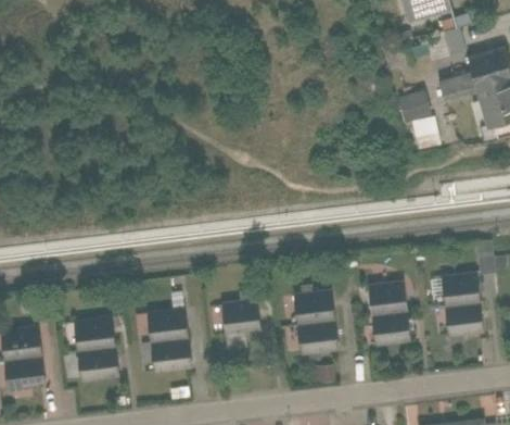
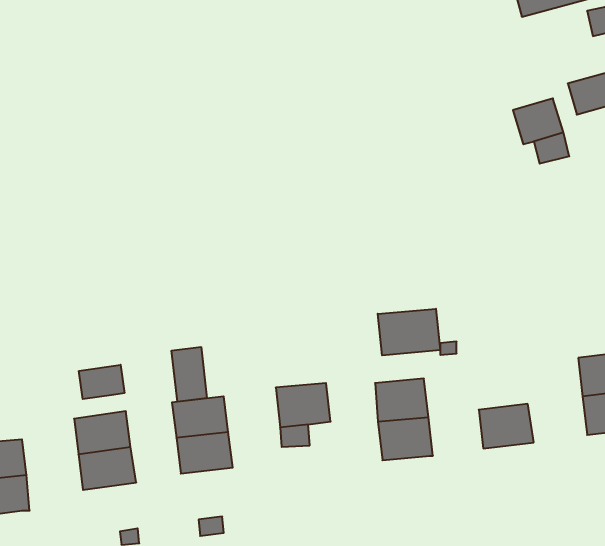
building: none -> [378,309,440,355]
building: none -> [172,347,207,402]
building: none -> [79,365,124,399]
building: [370,283,409,315] -> none

